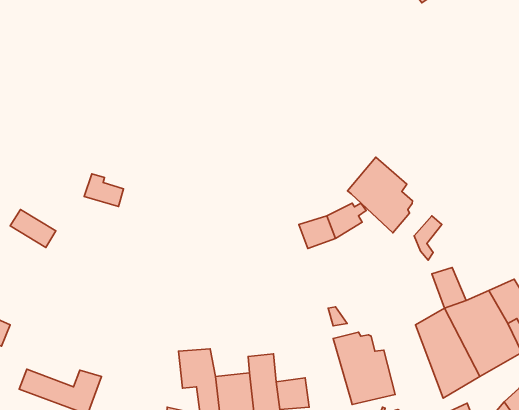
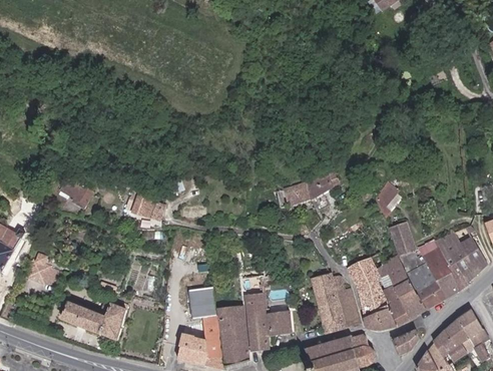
building: [348,157,412,233] -> none
building: [84,174,123,207] -> [133,195,164,221]
building: none -> [347,256,398,330]

